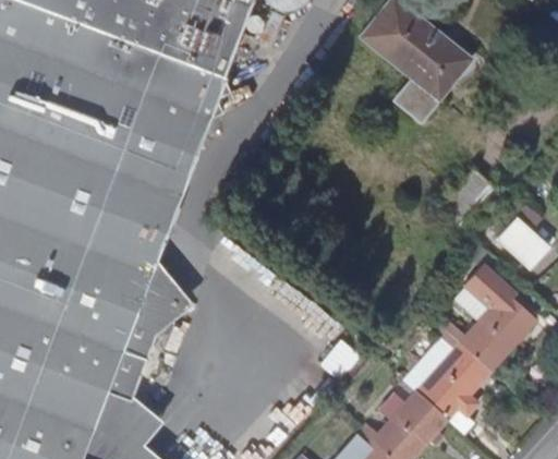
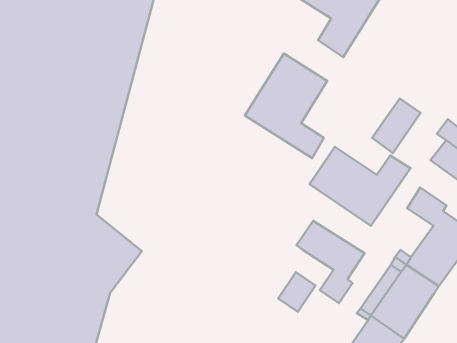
building: none -> [245,53,327,158]
building: none -> [309,147,410,226]
building: none -> [297,221,364,303]

